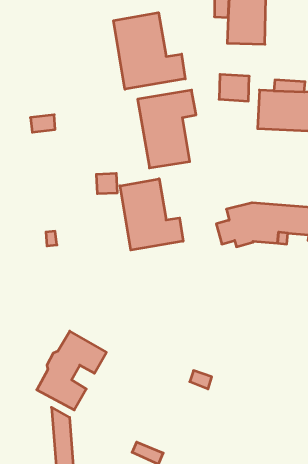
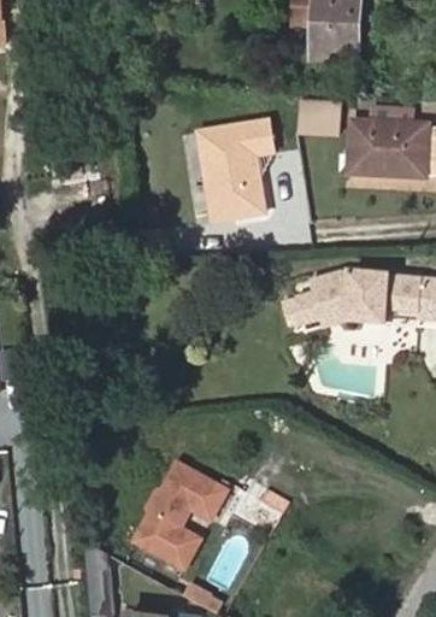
building: [114,13,185,89] -> none
building: [120,179,183,250] -> none
building: [37,331,106,410] -> [134,464,225,568]

